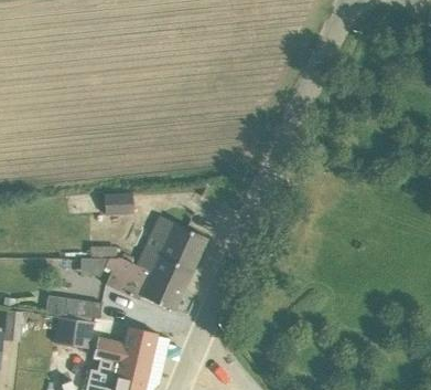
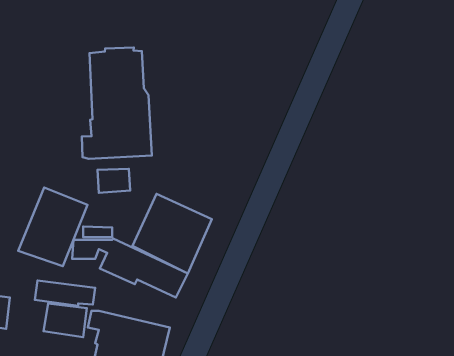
building: none -> [82,48,152,159]
building: none -> [18,187,87,266]

